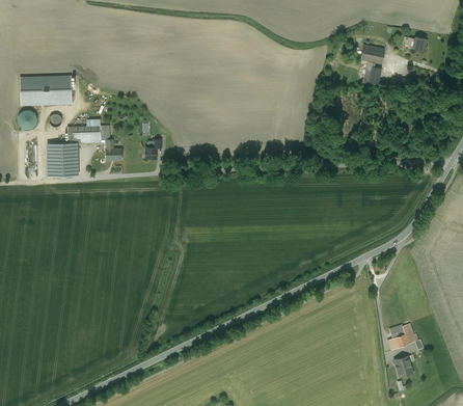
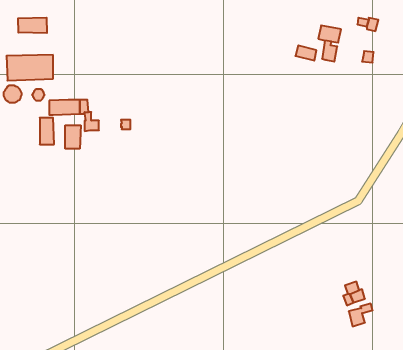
building: none -> [18,18,47,33]
building: none -> [65,125,81,149]

